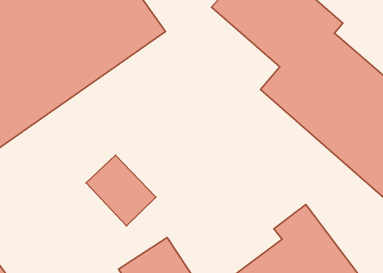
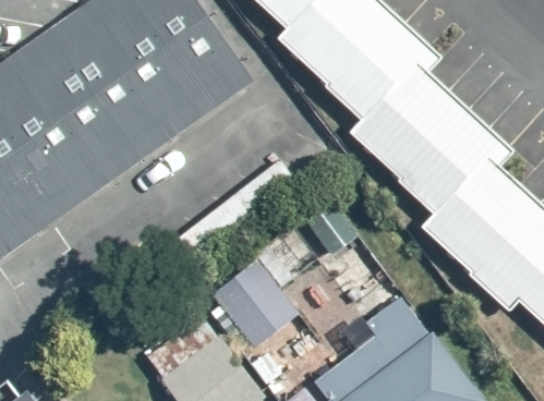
building: [86,155,156,226] -> [214,262,304,353]

